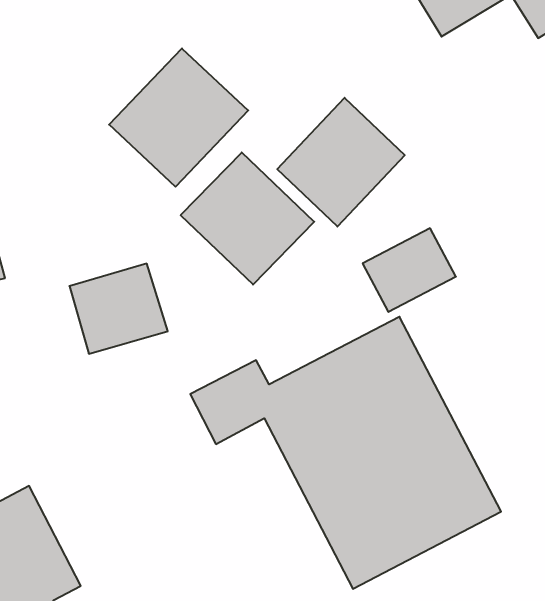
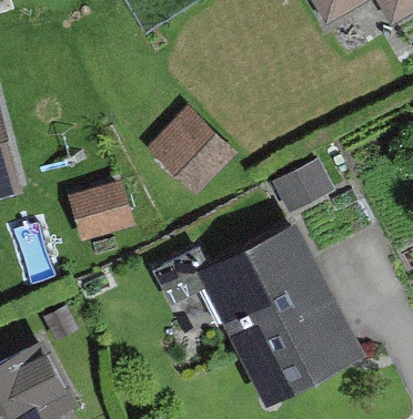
building: [109,48,248,187] -> none
building: [277,98,405,227] -> none

